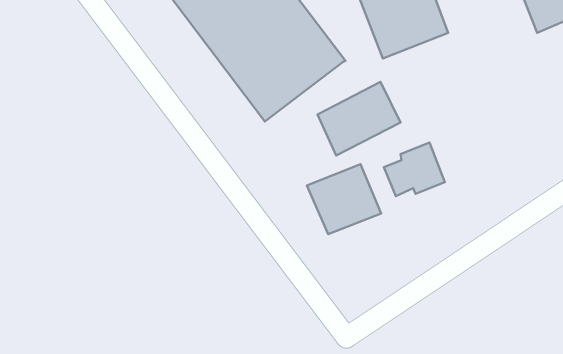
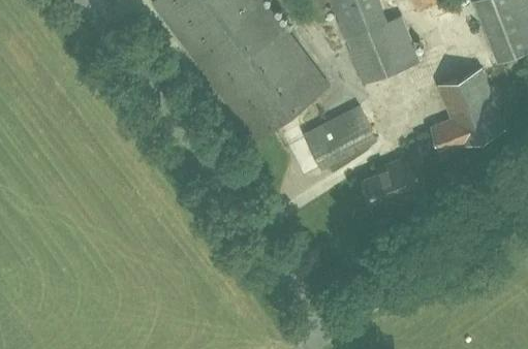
building: none -> [432,69,504,153]
building: [307,164,381,234] -> none

